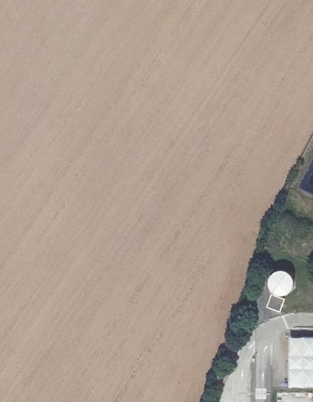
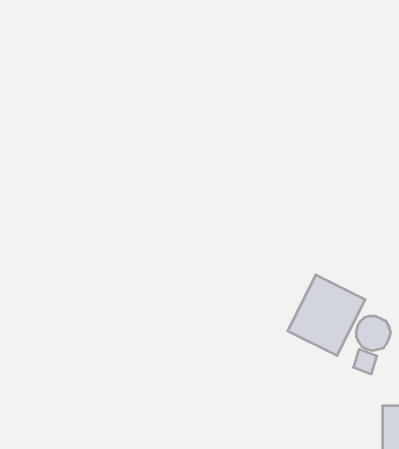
building: none -> [288,275,365,356]

